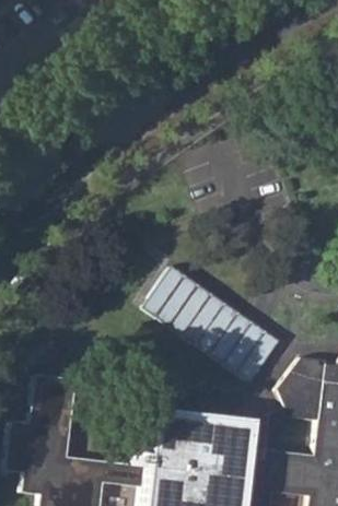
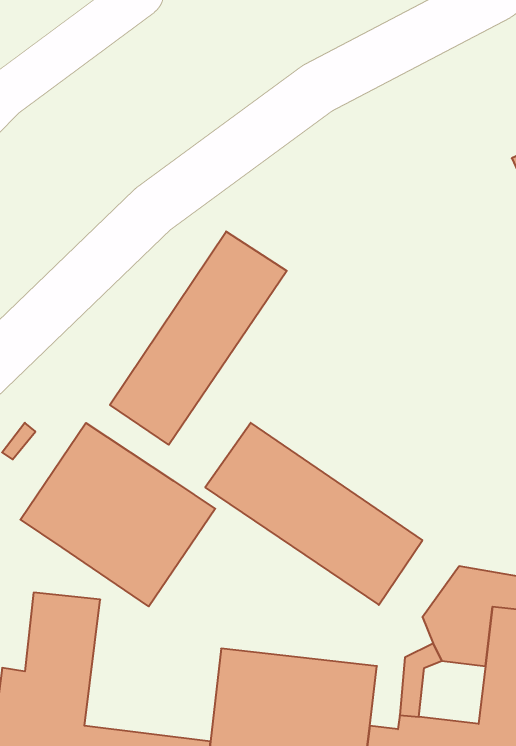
building: none -> [110,231,287,445]
building: none -> [20,423,215,606]

